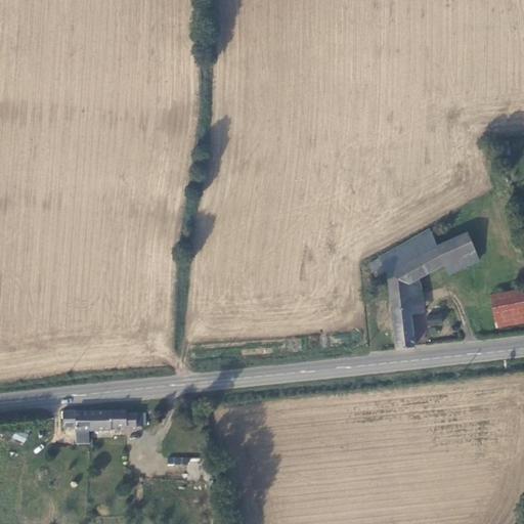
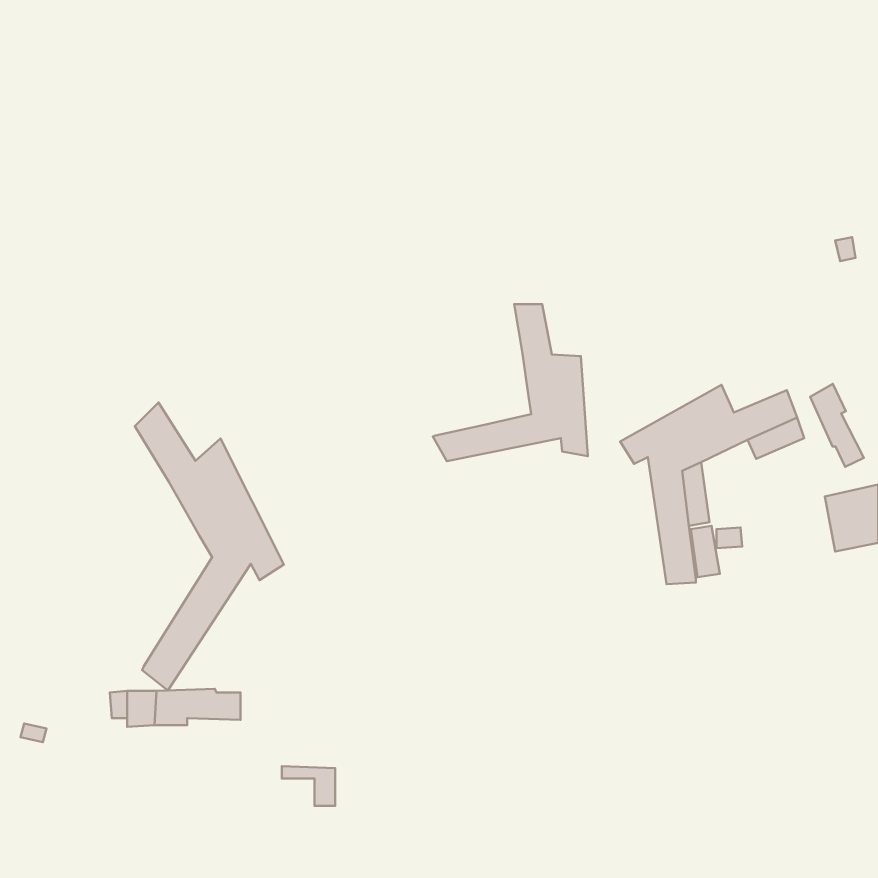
building: none -> [433,304,588,461]
building: none -> [810,384,864,467]
building: none -> [135,403,284,690]

